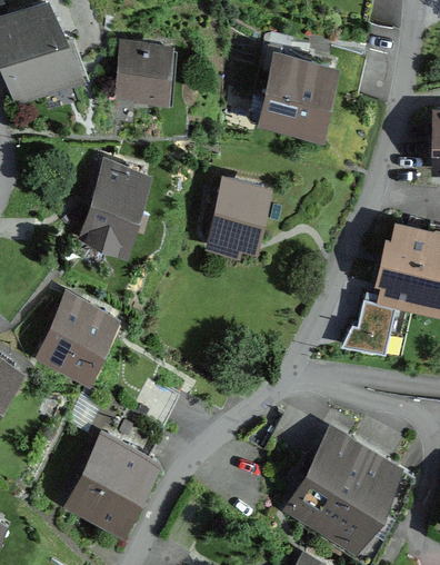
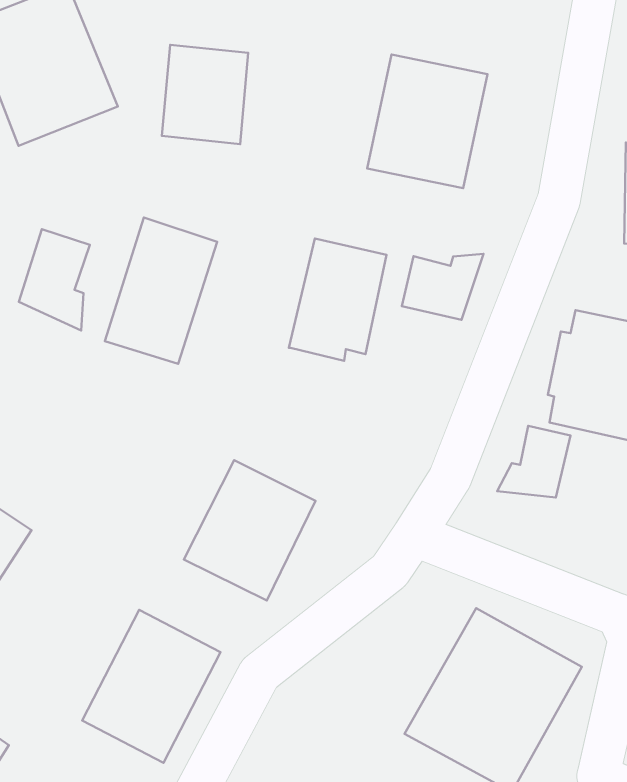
building: none -> [19,229,90,330]
building: none -> [402,254,484,320]
building: [32,291,122,387] -> [184,460,316,600]

